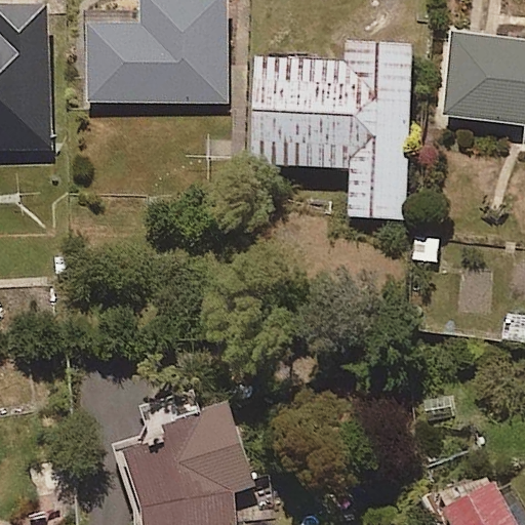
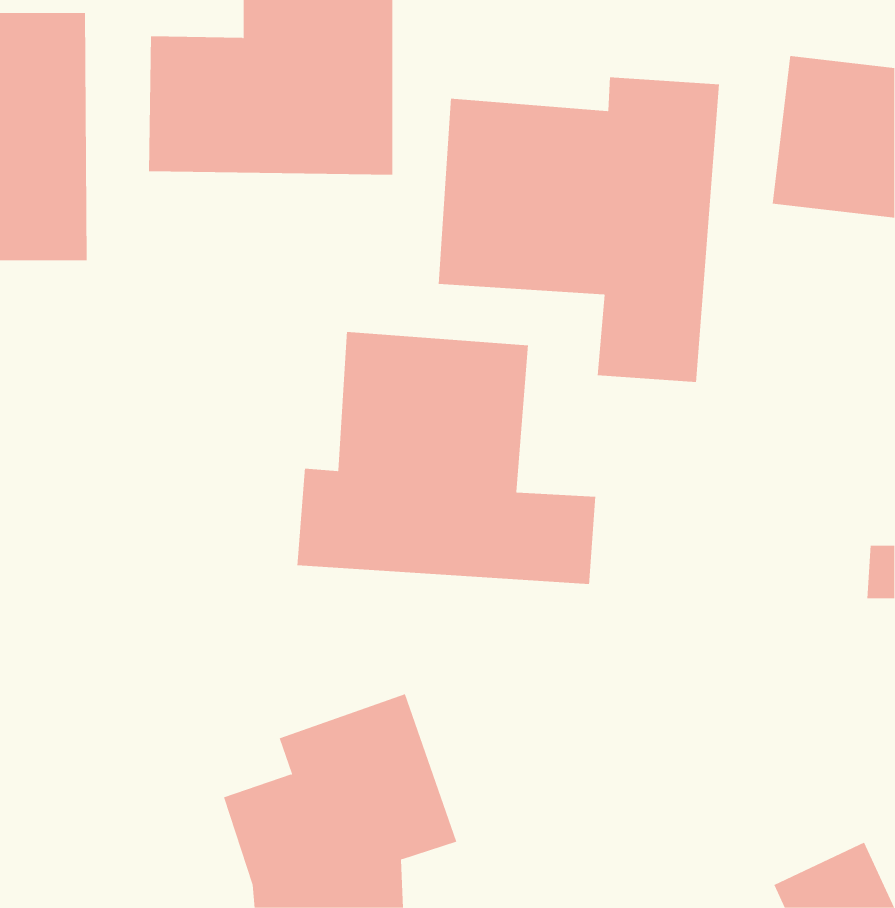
building: none -> [297,331,596,585]

